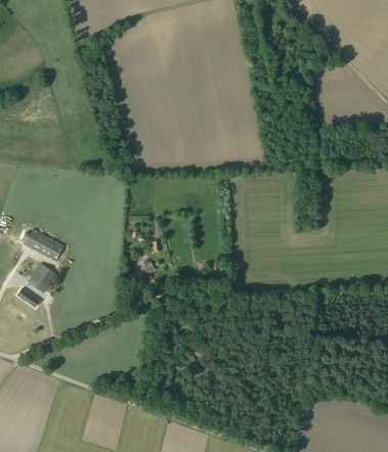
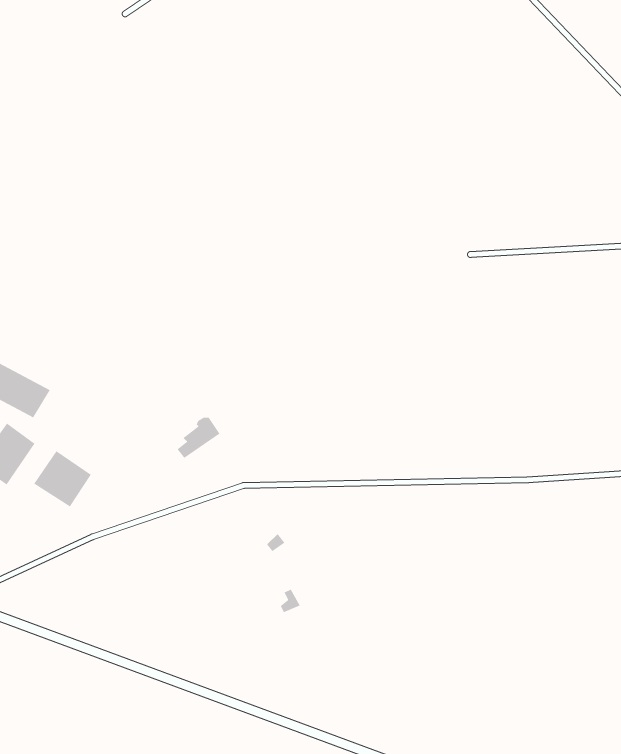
building: none -> [33,450,92,508]

